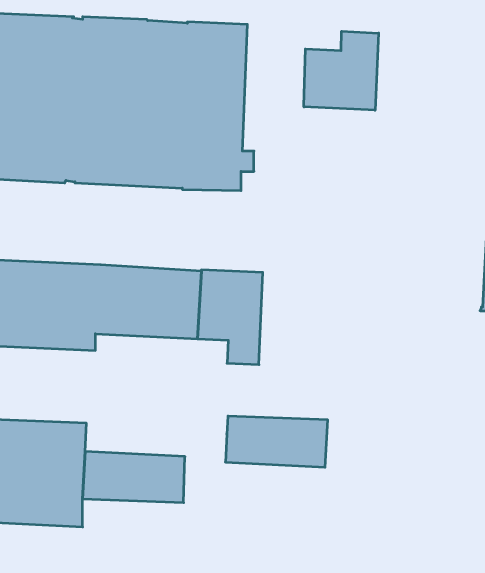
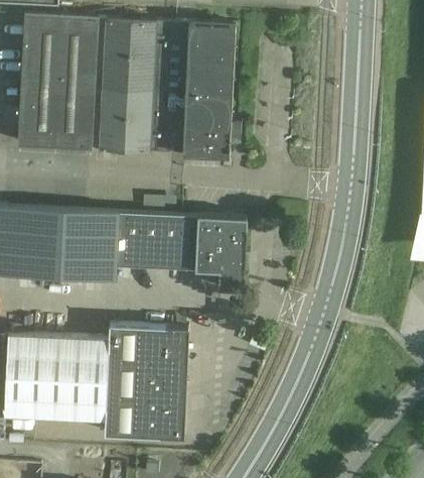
building: [304,31,379,110] -> none
building: [225,416,328,467] -> [107,326,187,366]
building: none -> [104,399,184,439]

